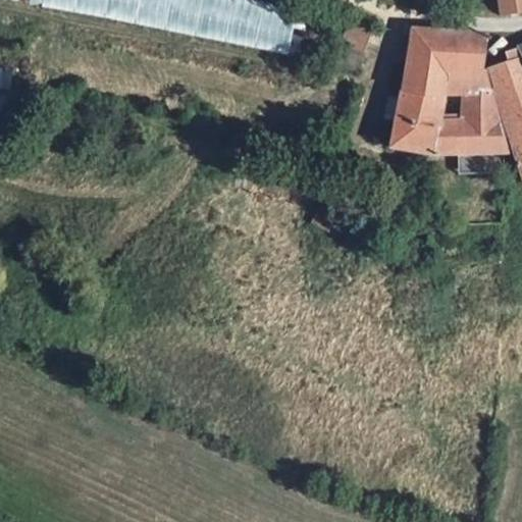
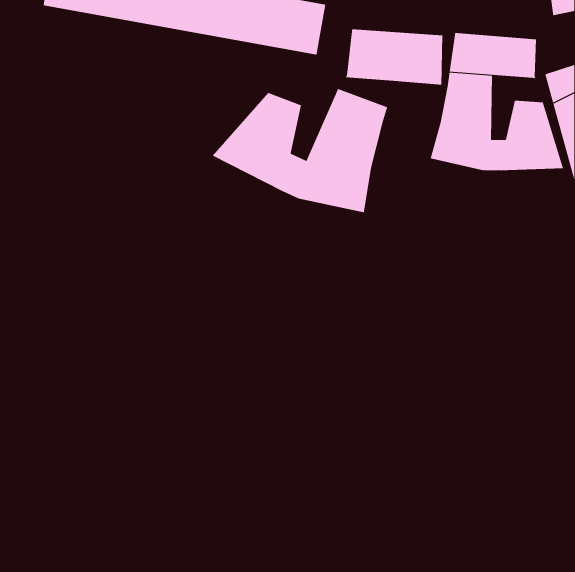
building: none -> [345,28,443,85]
building: none -> [212,88,388,213]

